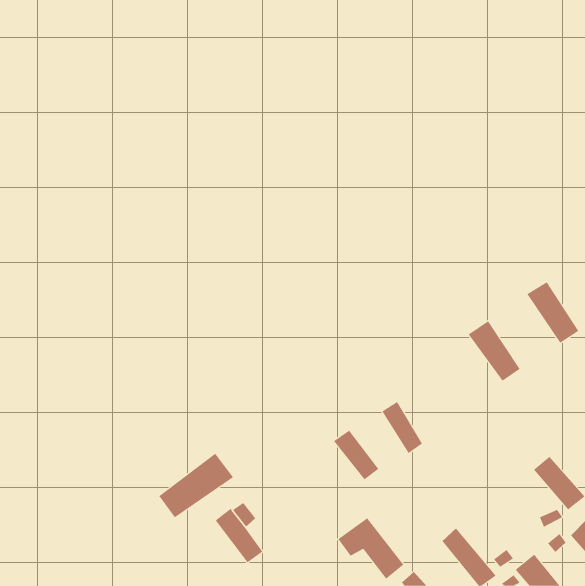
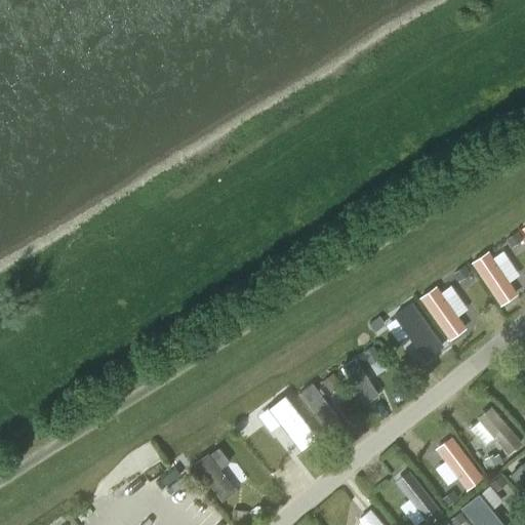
building: none -> [395,302,444,361]
building: [158,453,234,518] -> none
building: none -> [436,438,484,492]
building: [338,517,404,579] -> [258,397,318,452]

